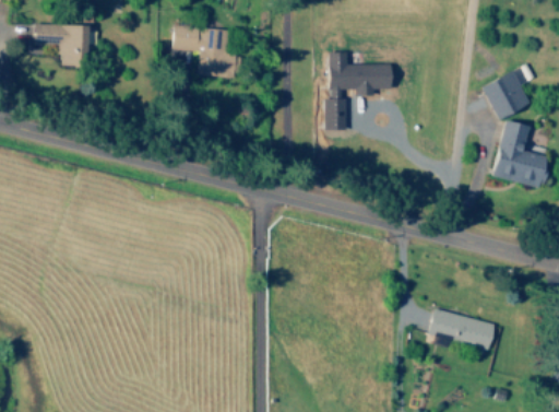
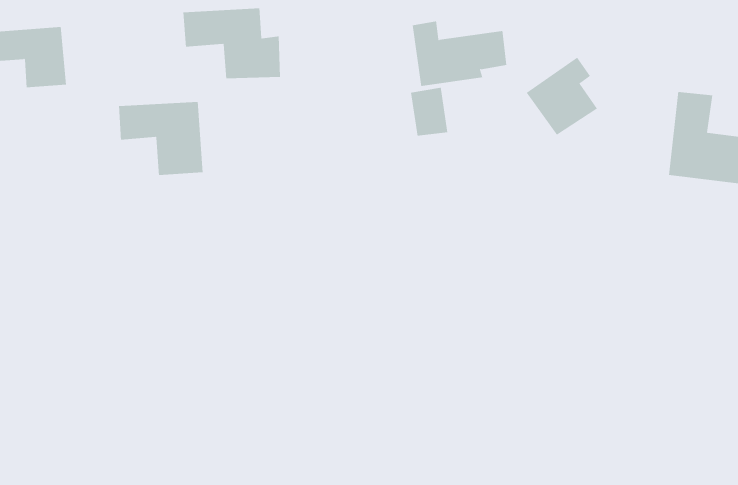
building: [483,67,531,119] -> [526,57,598,136]
building: none -> [119,101,203,176]
building: [428,307,496,351] -> none

